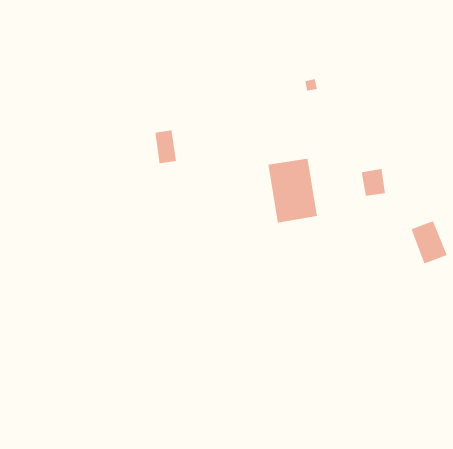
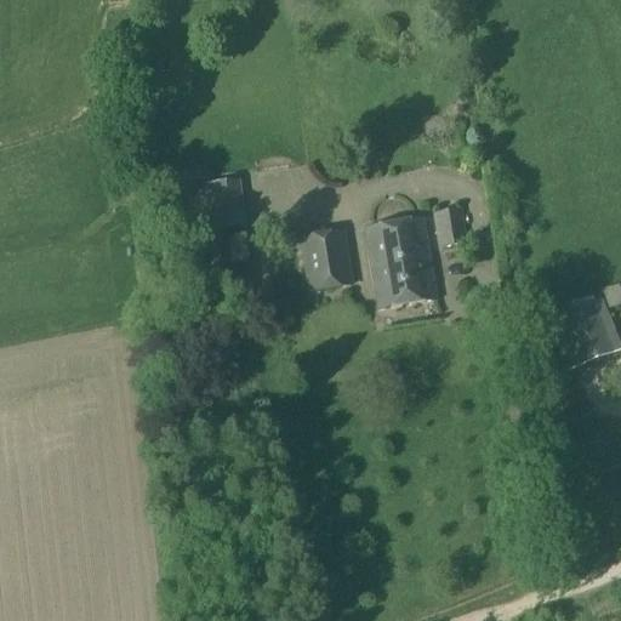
building: none -> [302,228,352,287]
building: [361,168,386,197] -> [433,205,467,244]

